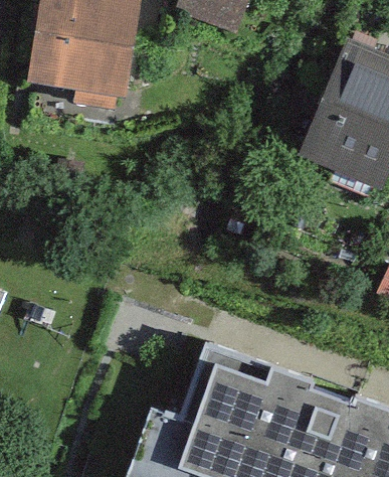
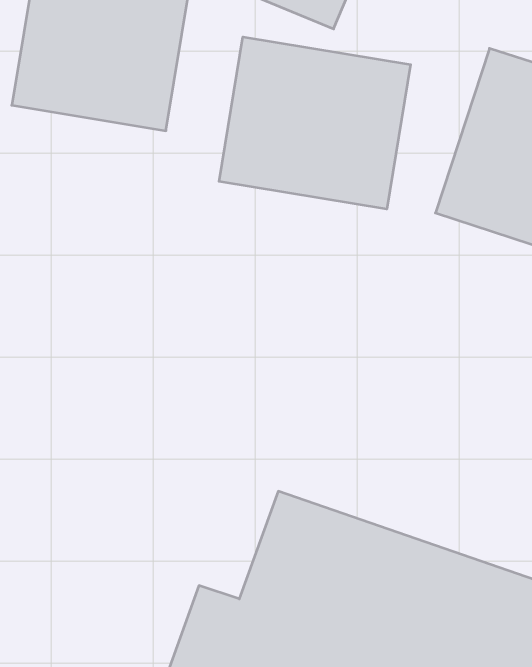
building: none -> [219,37,411,209]

